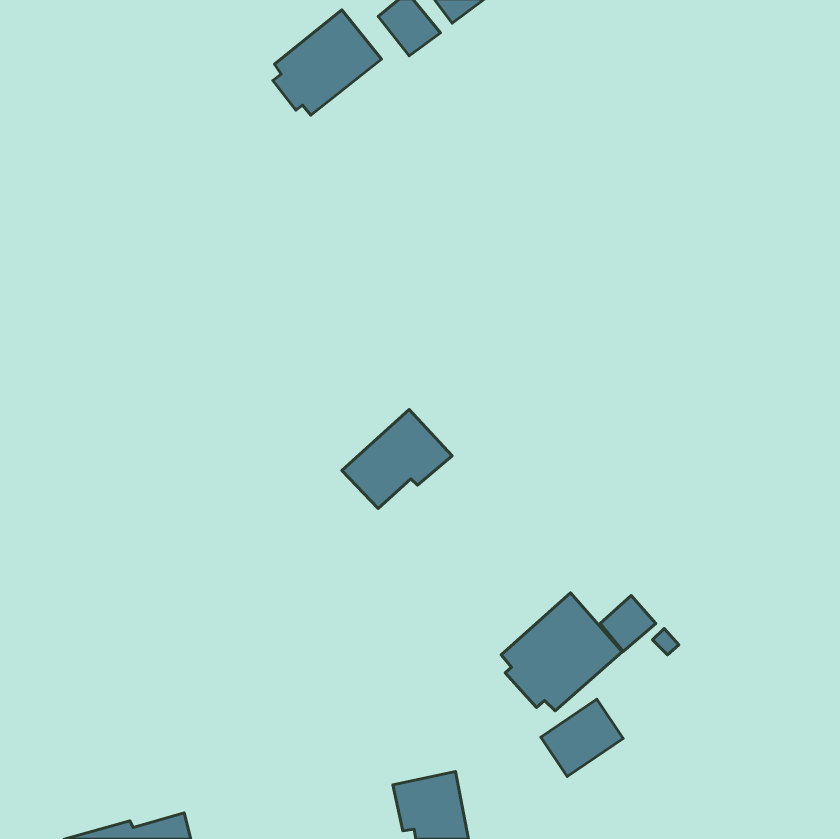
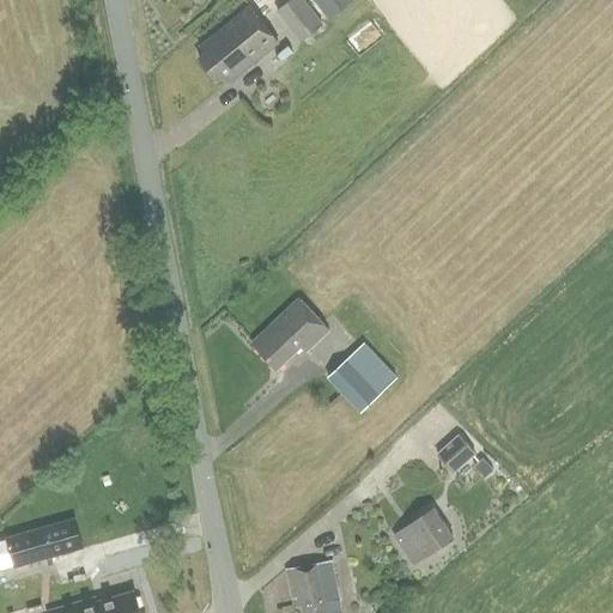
building: none -> [326,342,397,414]
building: [501,593,622,711] -> none
building: none -> [6,518,83,568]

